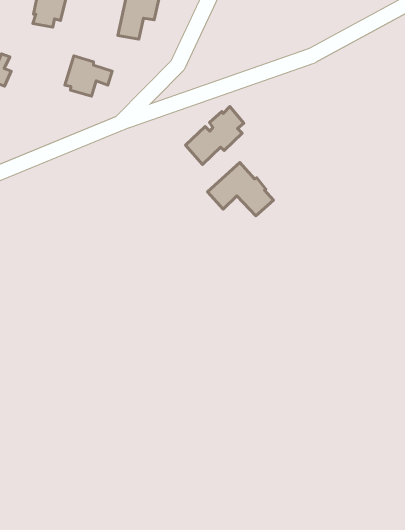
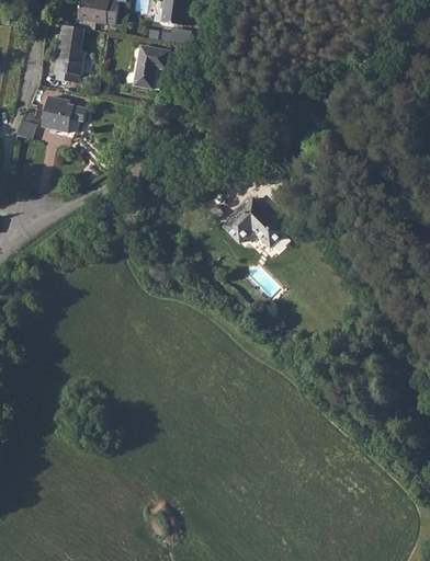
building: [65,56,112,96] -> [42,96,84,133]
building: [185,106,244,164] -> none

